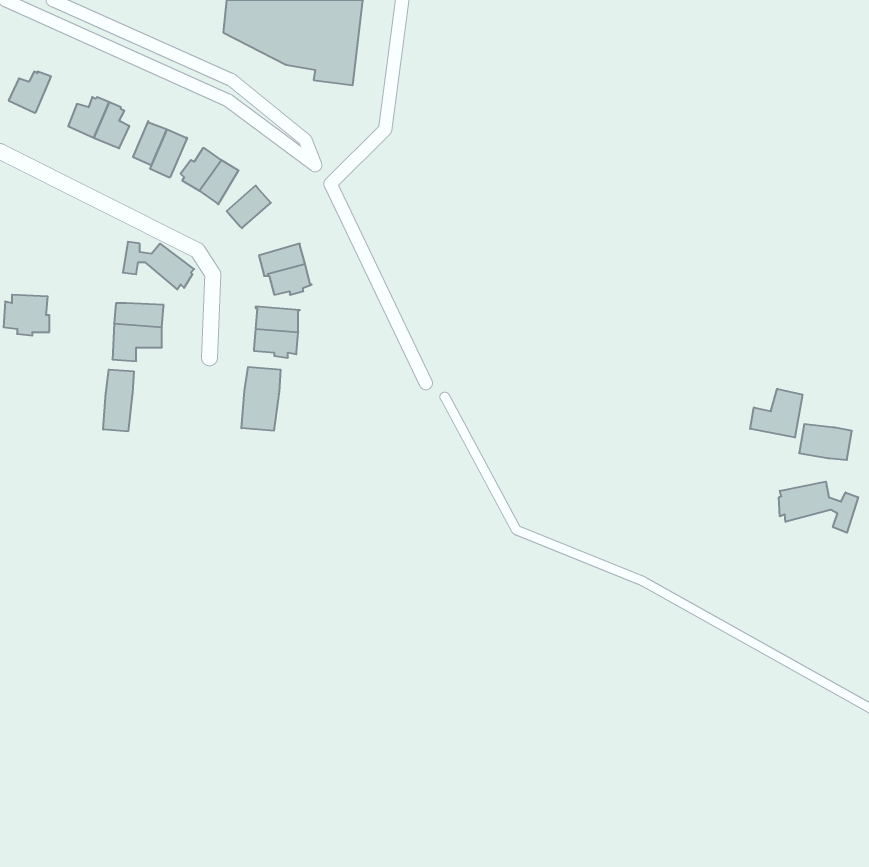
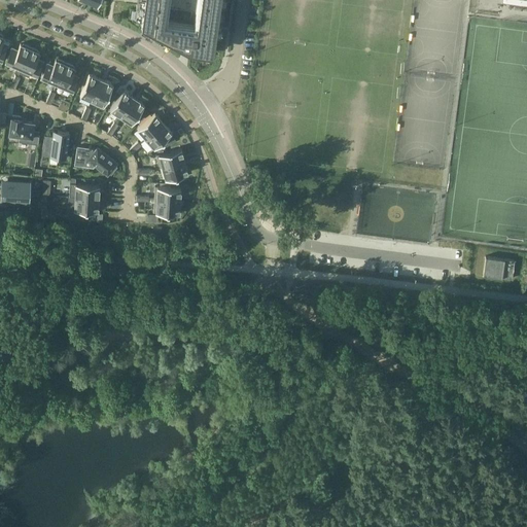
building: none -> [21,48,44,78]
building: none -> [10,117,40,145]
building: none -> [145,125,177,151]
building: none -> [43,131,71,160]
building: [241,367,281,431] -> none
building: [103,369,134,431] -> none
building: [750,389,803,438] -> none
building: [779,482,858,533] -> none

